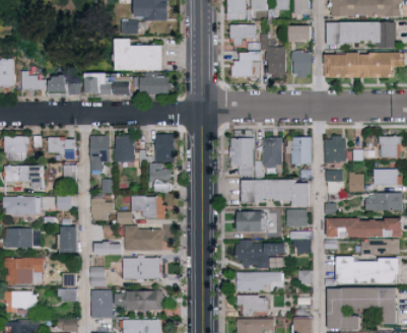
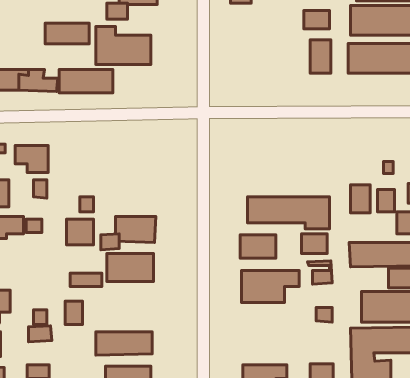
building: [229,24,257,77] -> none
building: [266,47,285,76] -> none
building: [133,76,169,93] -> [45,23,89,44]
building: [149,134,174,191] -> none
building: [89,135,109,171] -> none
building: [115,136,133,162] -> none
building: [325,136,345,162] -> none
building: [263,137,281,166] -> none
building: [287,137,311,164] -> none
building: [229,138,253,176] -> none
building: [60,226,76,253] -> none
building: [123,258,160,279] -> none
building: [235,272,282,290] -> none
building: [91,290,111,318] -> none
building: [236,295,266,314] -> none

